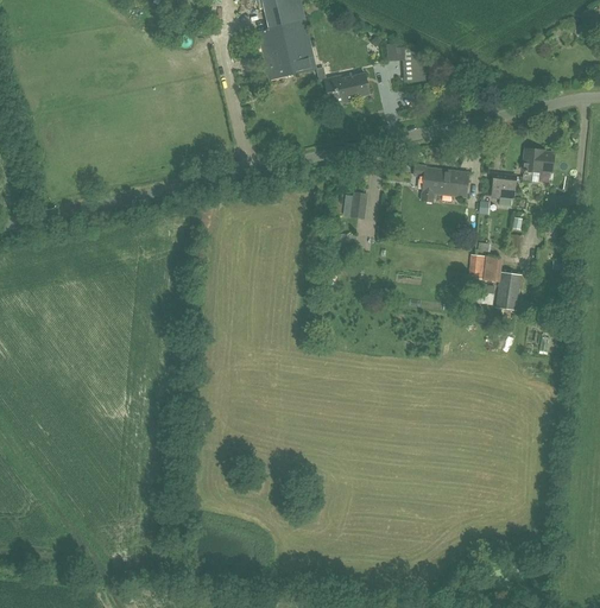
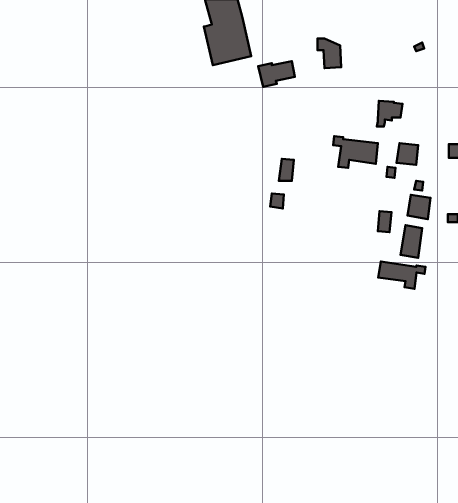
building: [523,150,554,180] -> [377,101,403,126]
building: none -> [407,195,430,219]
building: none -> [378,261,426,289]

